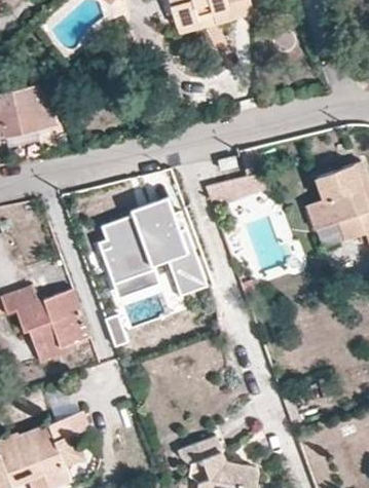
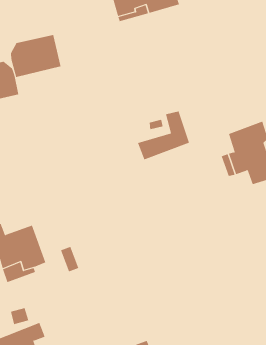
building: none -> [10,34,61,78]
building: [104,202,211,300] -> none

